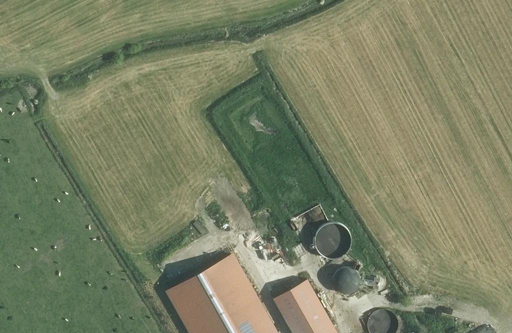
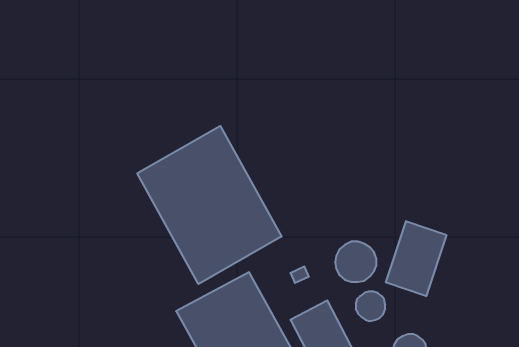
building: none -> [137,126,282,284]
building: none -> [386,221,446,296]

